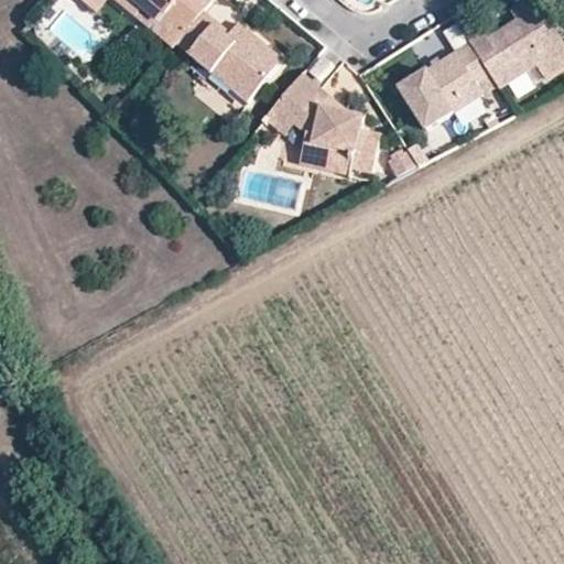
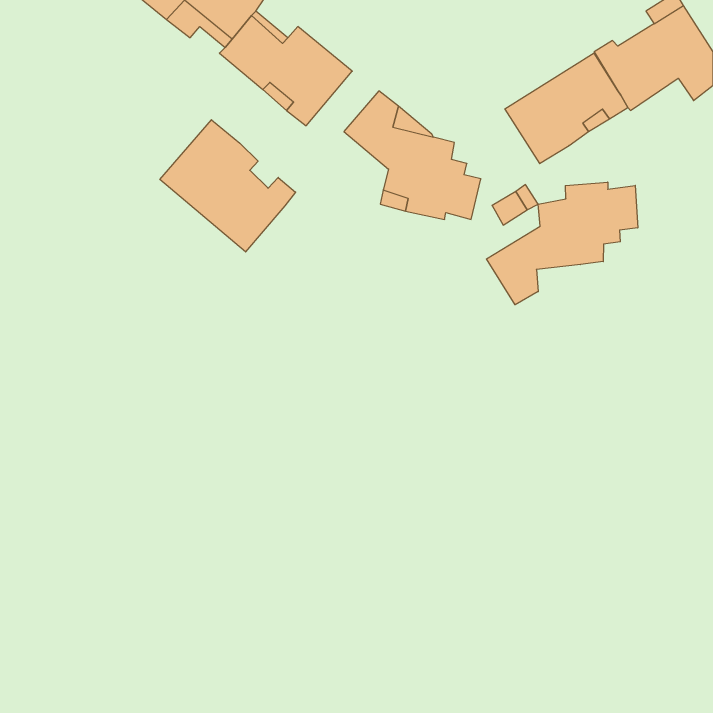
building: none -> [160,120,296,252]
building: none -> [486,182,638,305]

